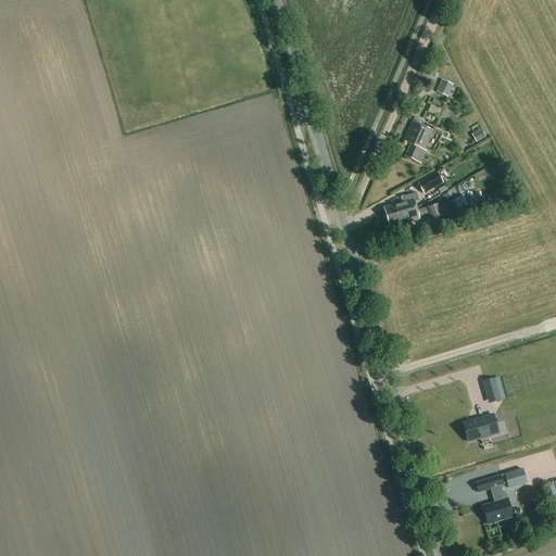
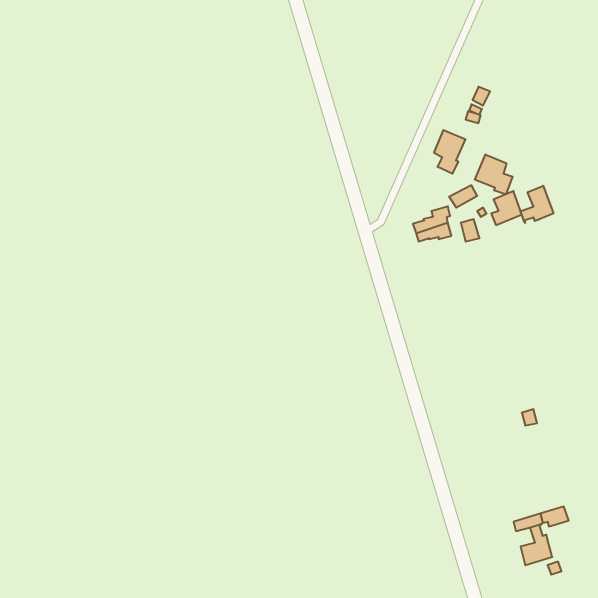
building: none -> [475,154,513,194]
building: none -> [521,186,553,223]
building: [465,413,500,440] -> none

